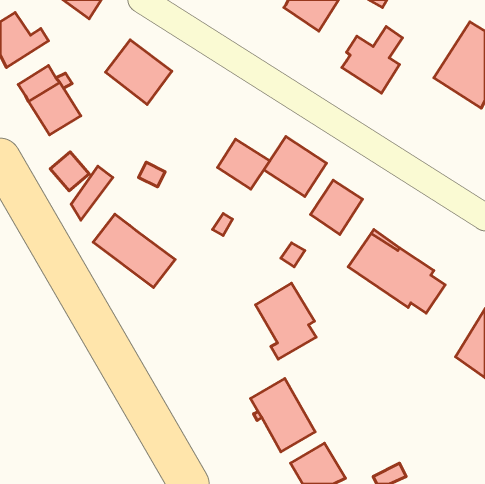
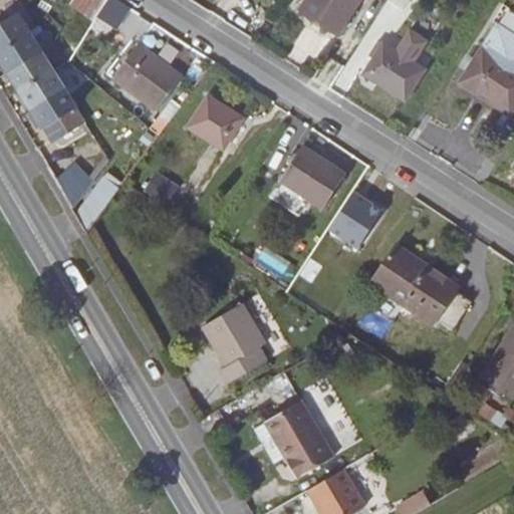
building: none -> [7,43,59,89]
building: [218,139,270,189] -> [188,95,243,149]
building: [93,214,175,288] -> none
building: [256,283,316,359] -> [203,303,267,383]

